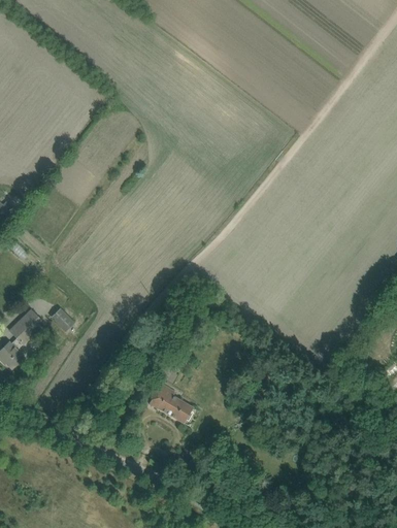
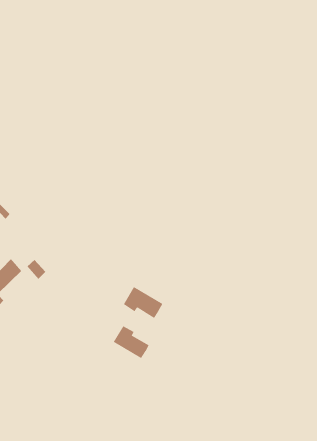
building: none -> [123,286,163,319]

